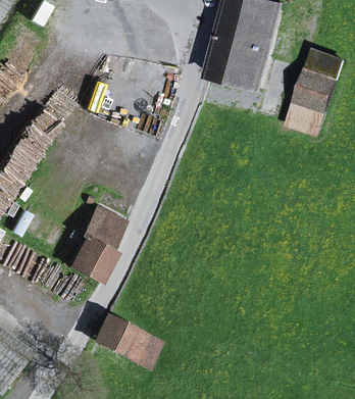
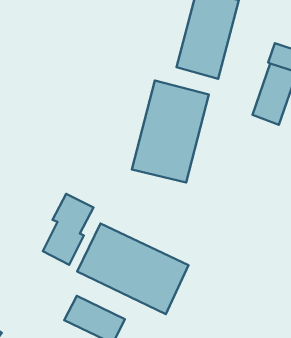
building: none -> [132,80,209,183]
building: none -> [77,223,188,314]

